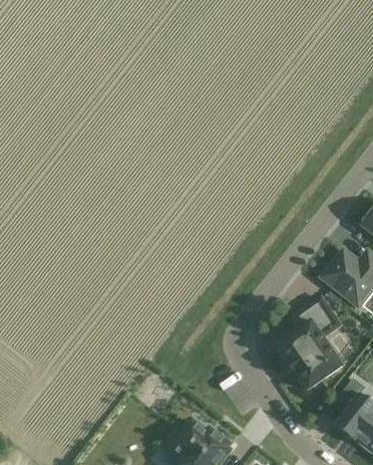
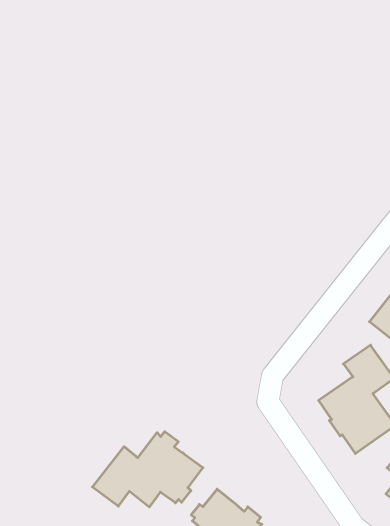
building: none -> [92,432,203,507]

